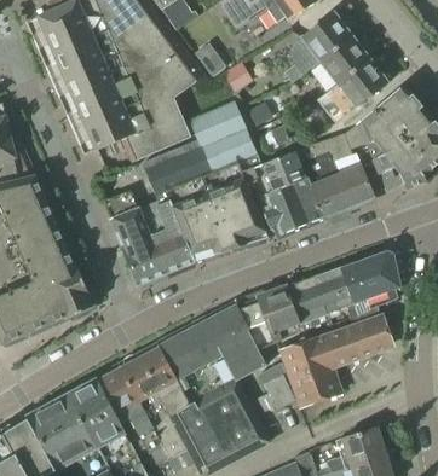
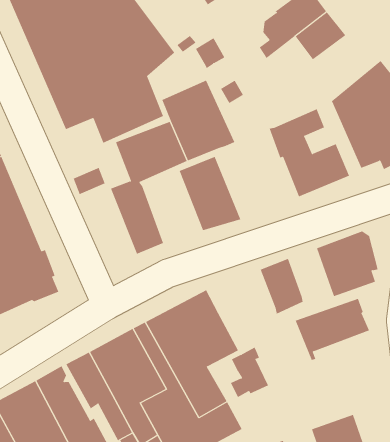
building: [316,58,387,117] -> none
building: [246,149,323,233] -> none
building: [172,190,230,260] -> none
building: [110,207,166,284] -> none
building: [313,265,357,314] -> none
building: [234,285,300,341] -> none
building: [281,335,341,405] -> none

